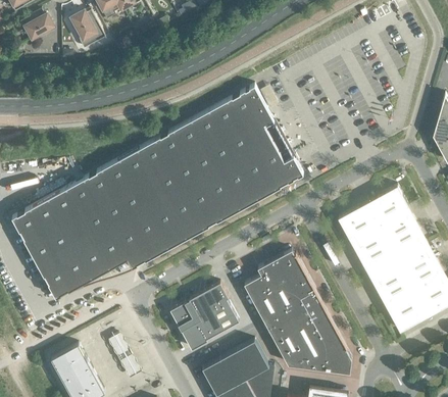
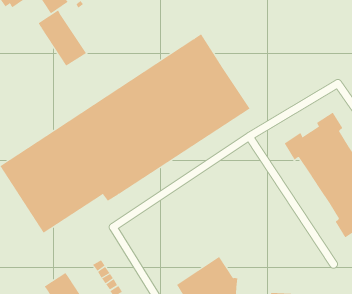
building: none -> [38,10,87,66]
building: [243,250,351,375] -> none
building: [169,284,239,350] -> none

